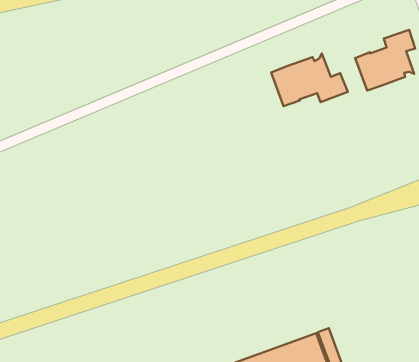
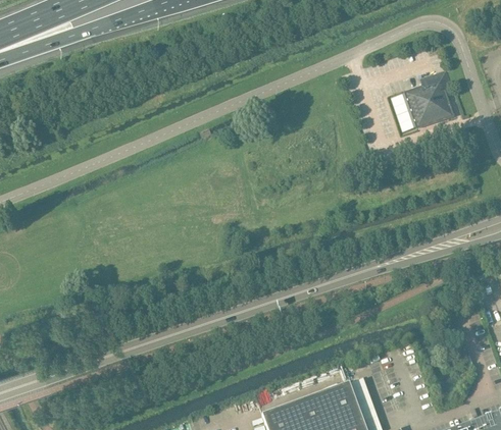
building: [271,54,348,106] -> none

